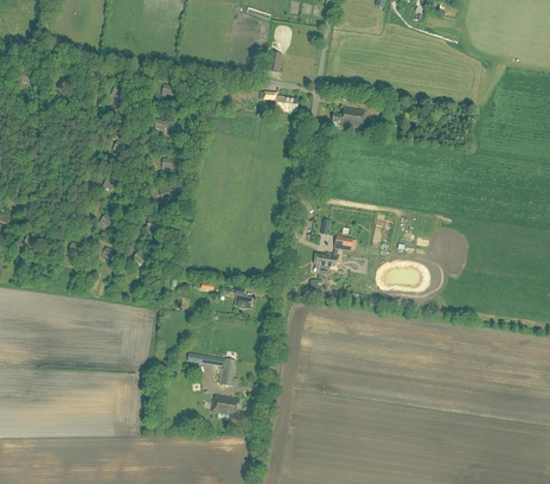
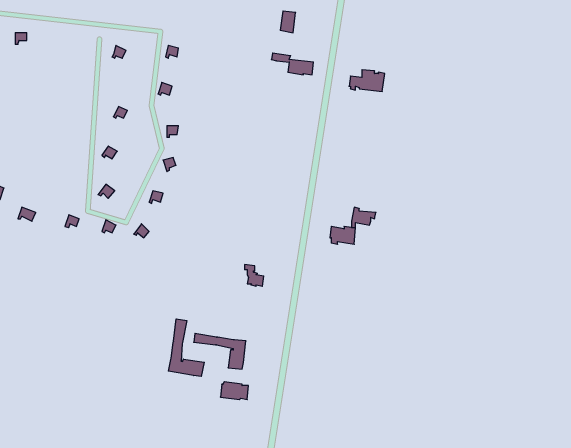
building: none -> [168,319,204,376]

